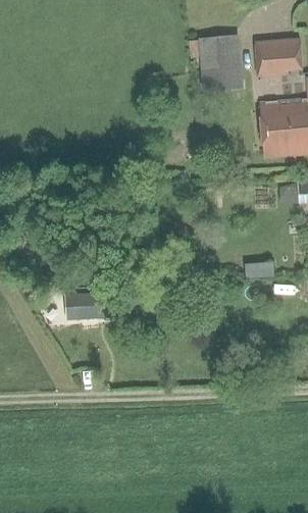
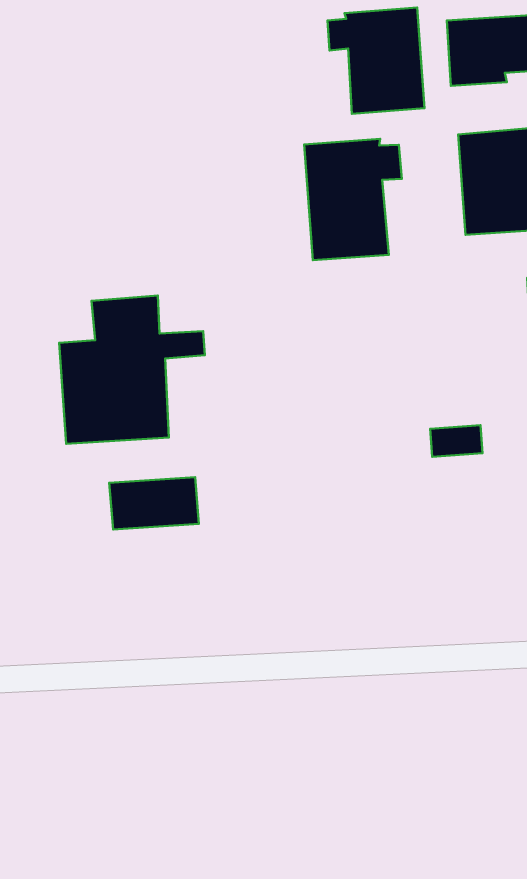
building: none -> [304,139,402,260]
building: none -> [59,296,205,444]

